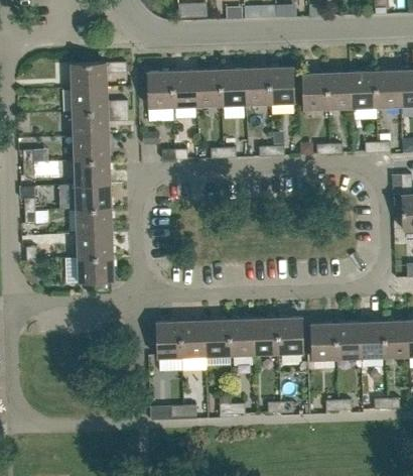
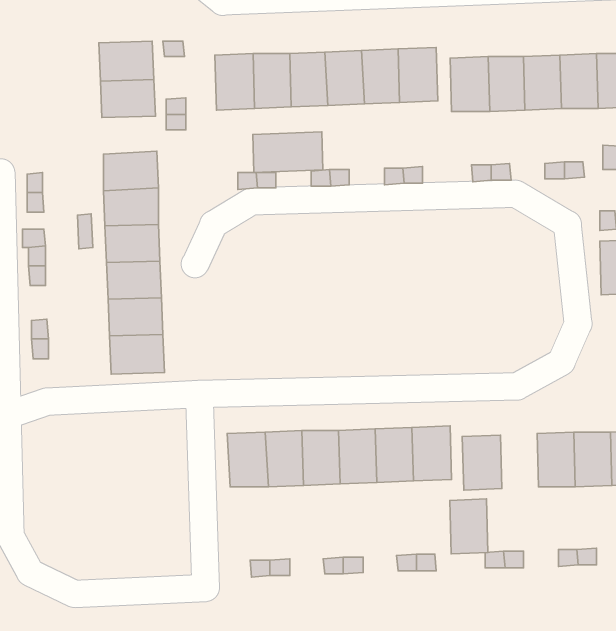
building: [73,112,109,137] -> none
building: none -> [253,132,323,173]
building: [335,322,361,358] -> [450,499,488,554]

